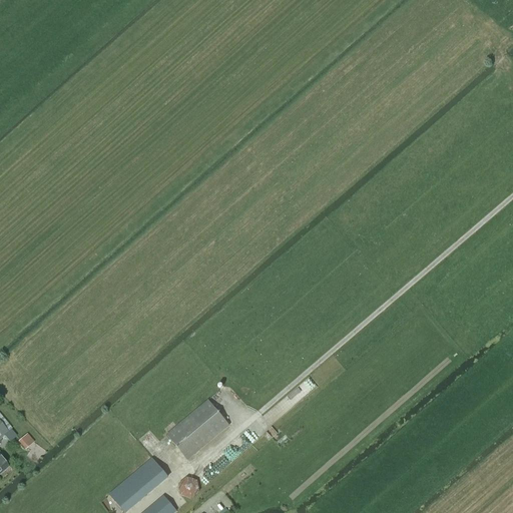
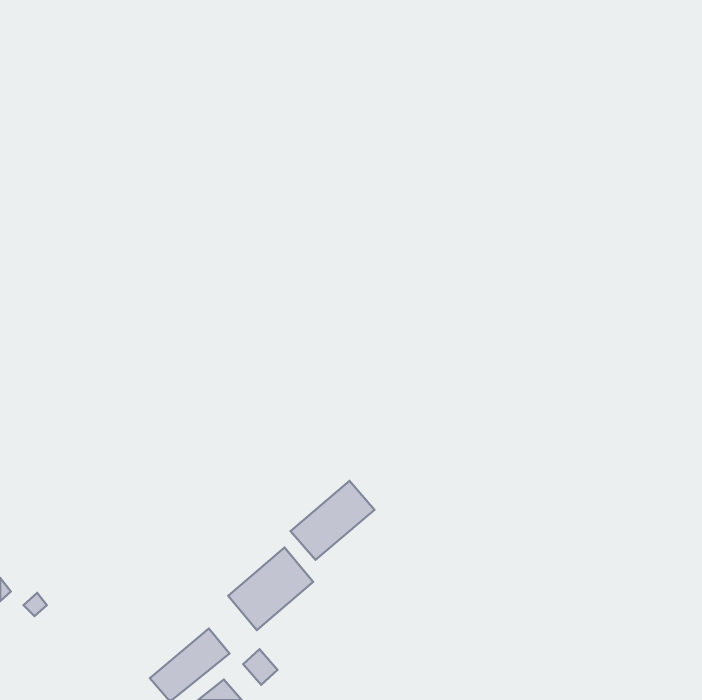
building: none -> [291,481,374,560]

